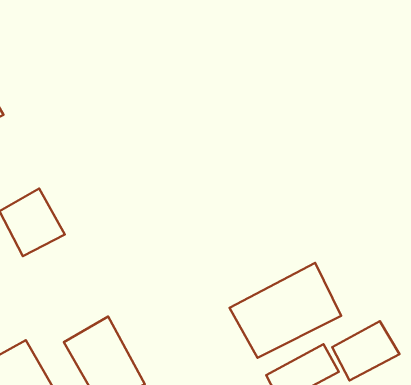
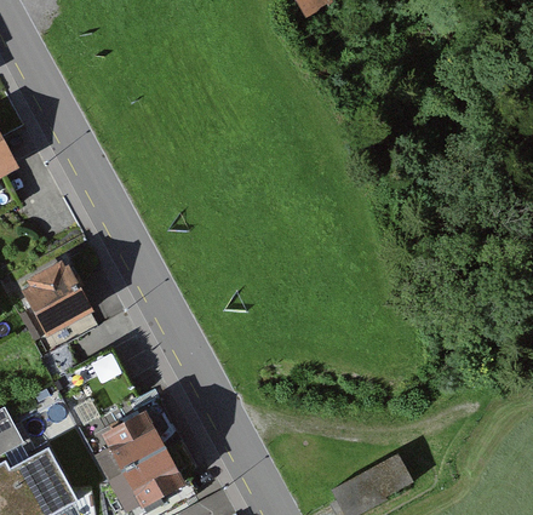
building: [229,263,341,358] -> none
building: [332,321,399,381] -> none

